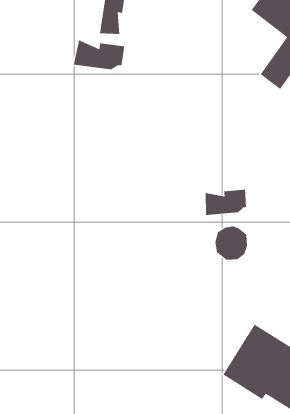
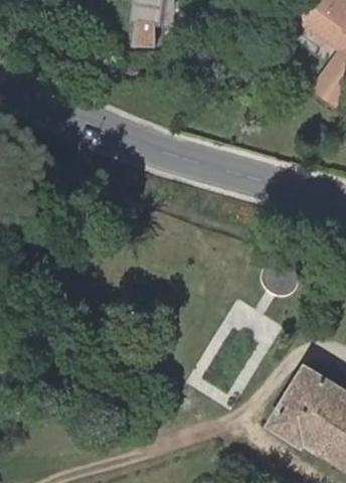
building: [73,40,125,70] -> none
building: [205,189,247,216] -> none

